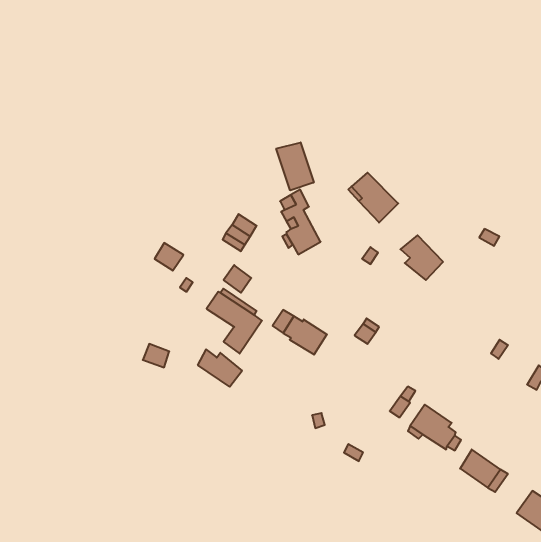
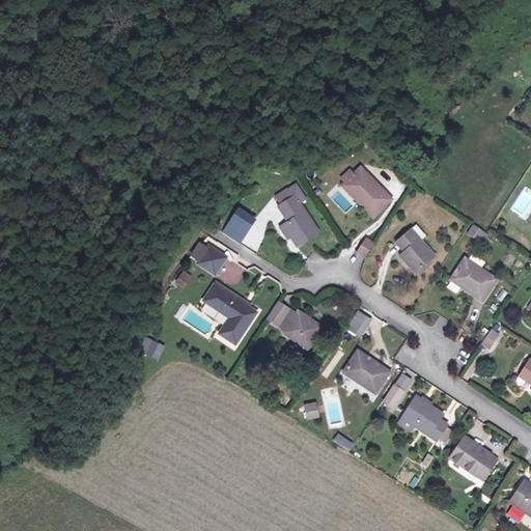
building: [276,142,314,190] -> none
building: [155,243,183,271] -> [198,246,226,273]
building: none -> [452,257,497,299]
building: [198,349,242,387] -> none
building: none -> [345,350,389,390]

